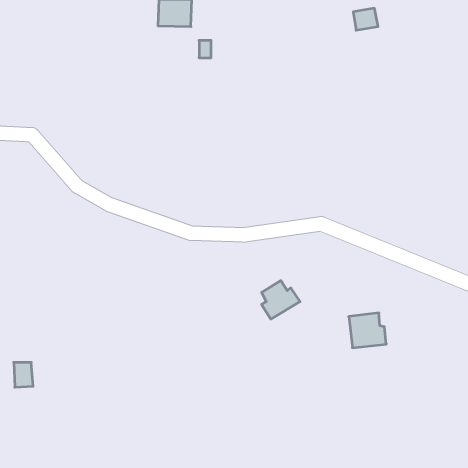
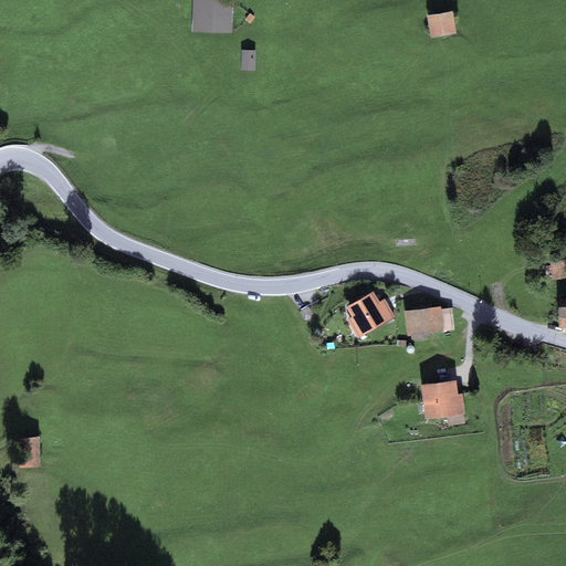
building: none -> [406,306,454,335]
building: [262,281,300,319] -> [347,290,394,336]

